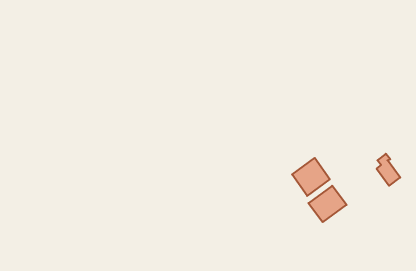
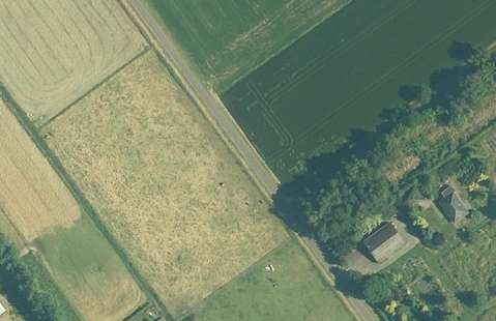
building: [292,158,330,196] -> none

